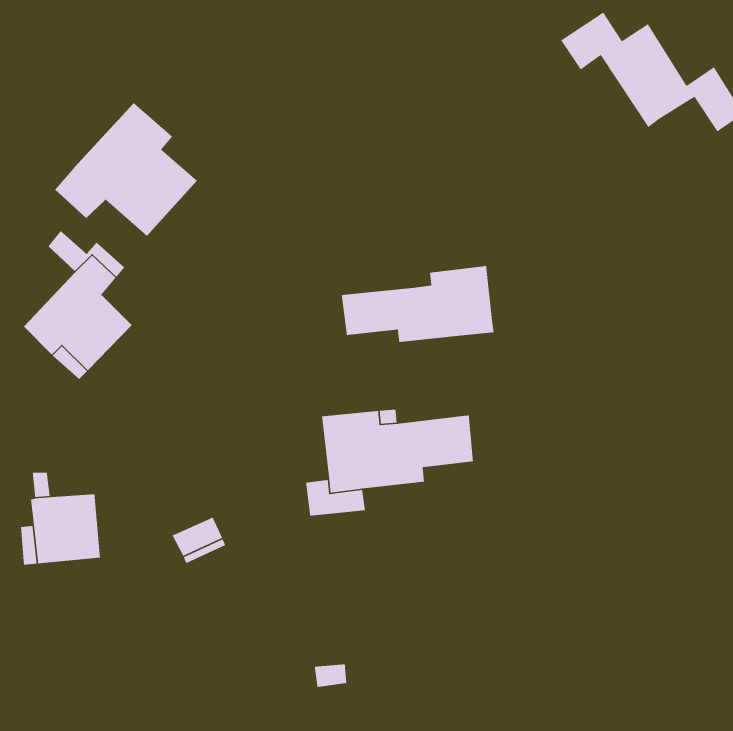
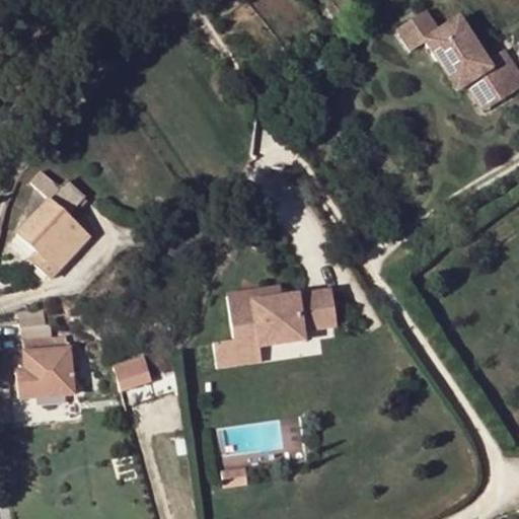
building: none -> [466,69,507,109]
building: [54,102,198,237] -> none
building: [341,265,495,343] -> none

